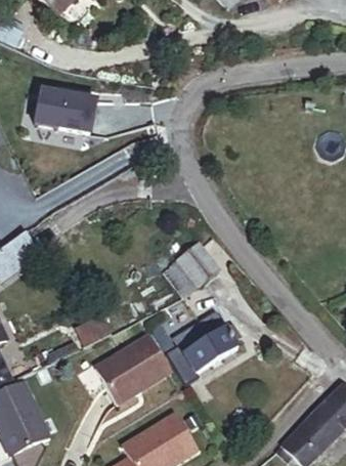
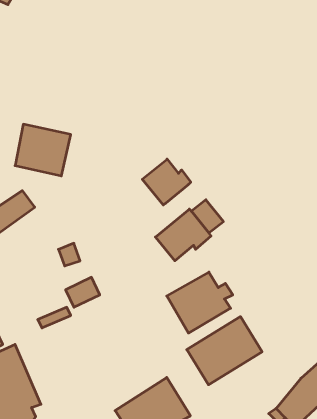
building: [34,89,89,140] -> [15,124,71,176]
building: none -> [142,159,191,205]
building: [95,338,170,406] -> [187,317,262,385]

